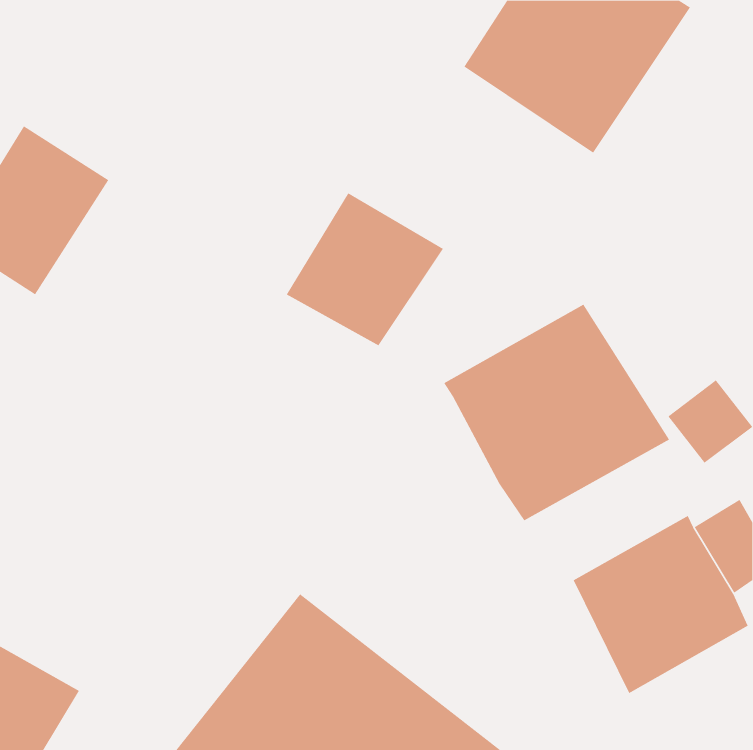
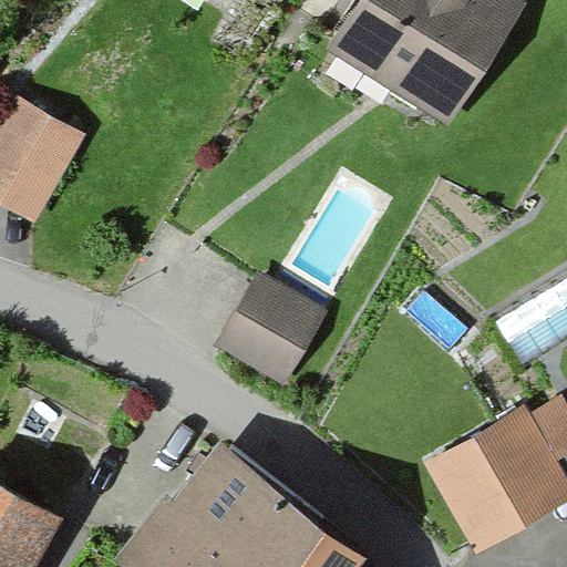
building: [286,193,444,346] -> [215,270,333,385]
building: [444,304,670,521] -> none

